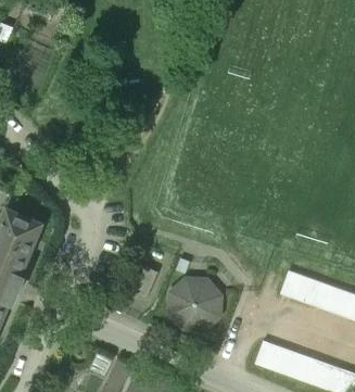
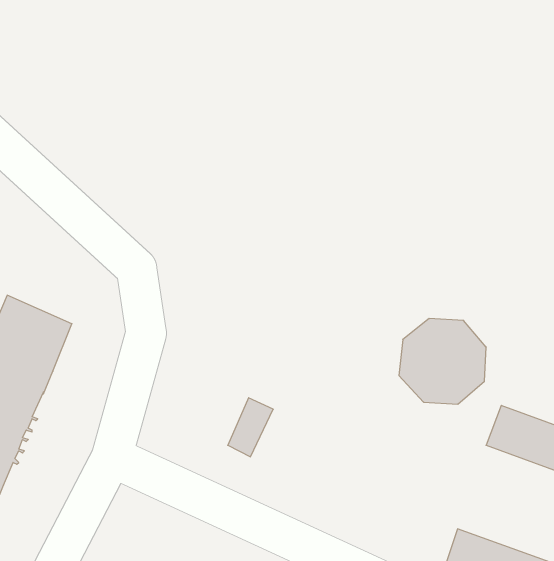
building: [170,280,220,329] -> [399,319,486,404]

